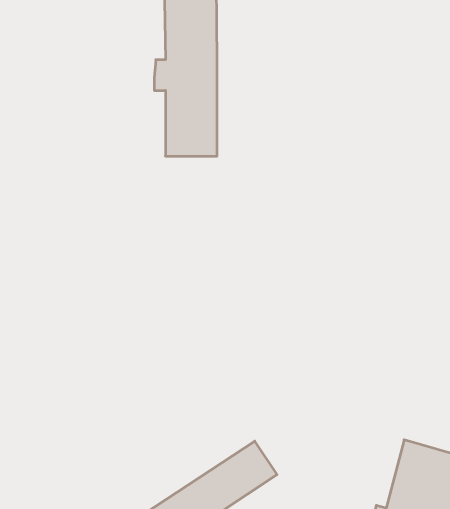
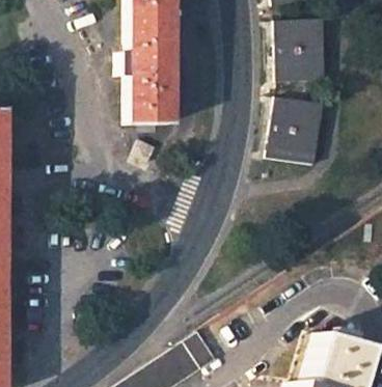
building: none -> [284,19,333,80]
building: none -> [275,94,331,162]

